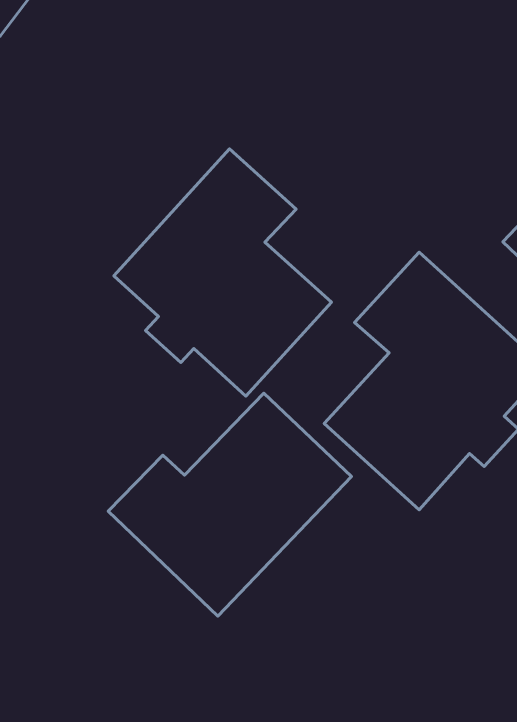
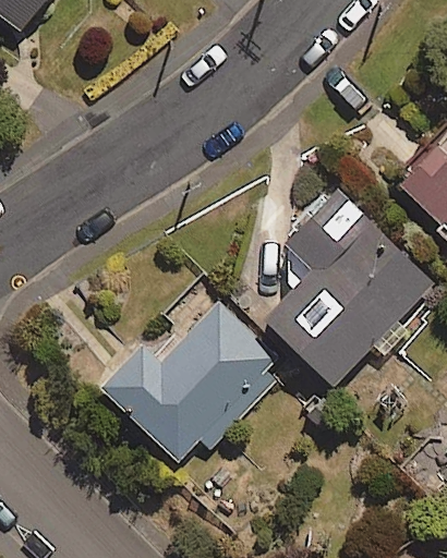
building: [114,149,332,396] -> none

